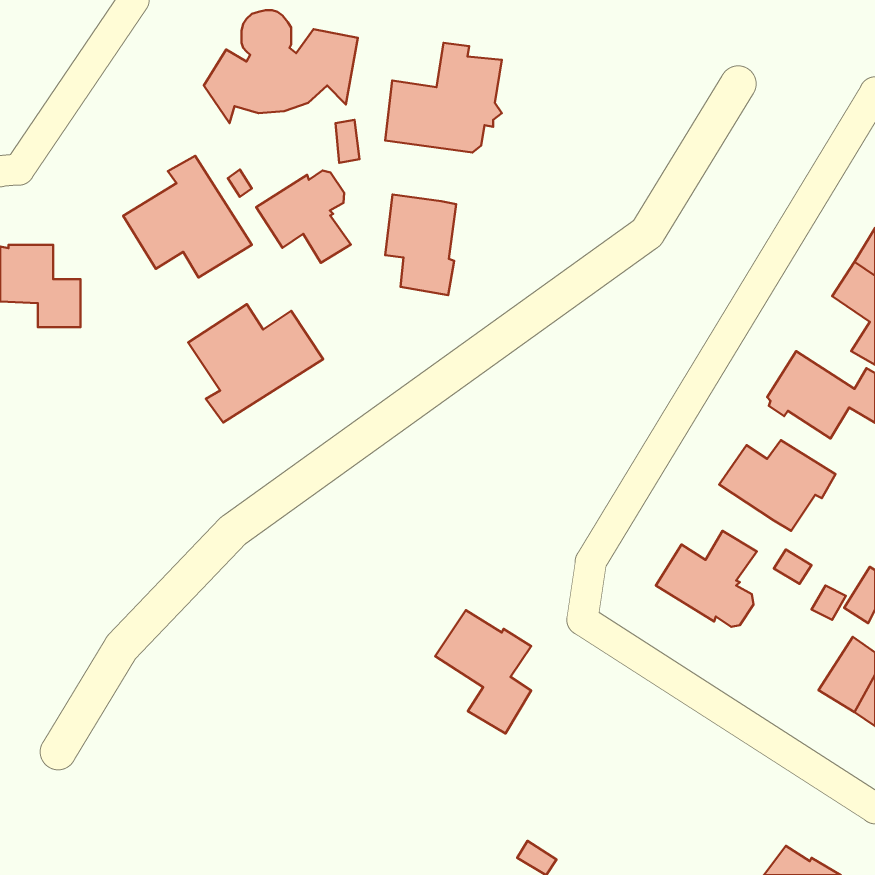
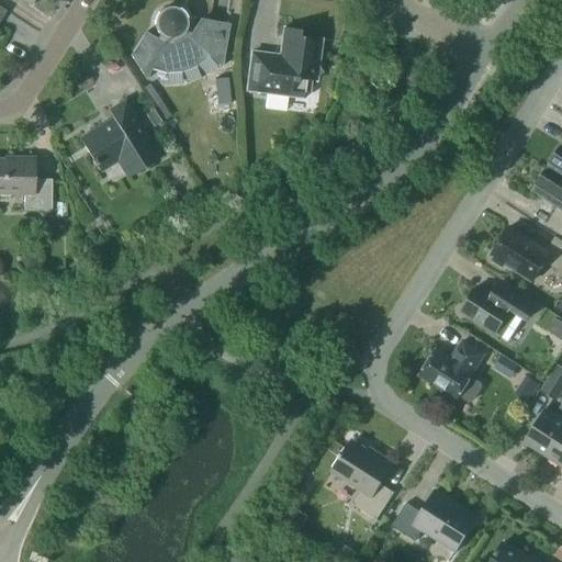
building: [256,170,351,263] -> none
building: [385,195,456,295] -> none
building: [188,304,323,422] -> none
building: [435,610,531,733] -> [333,440,394,519]
building: none -> [392,490,476,548]

